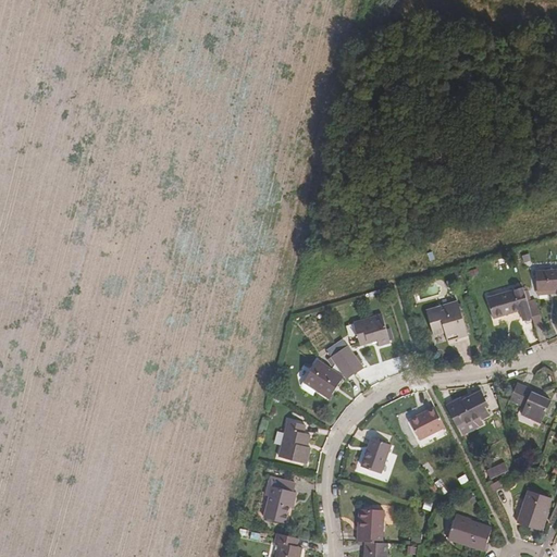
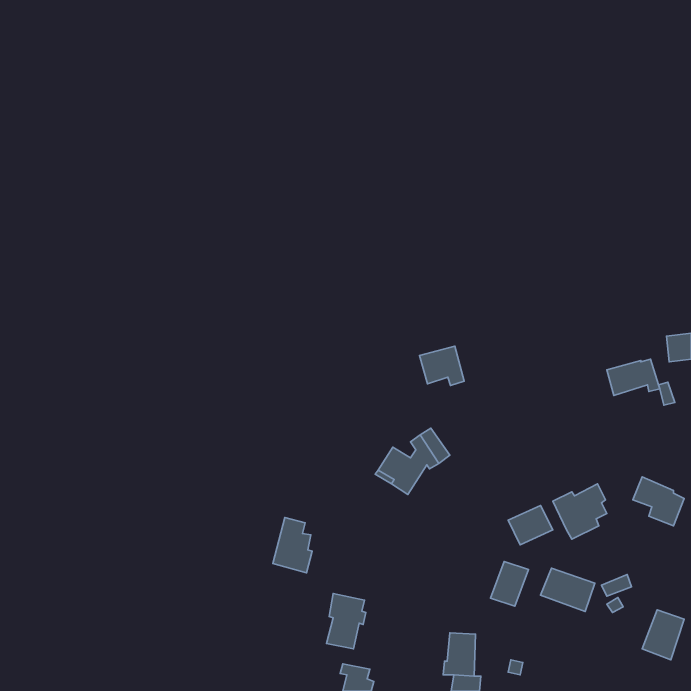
building: [425,300,467,337] -> none
building: [352,313,388,345] -> [419,346,464,385]
building: [277,419,309,463] -> [273,517,312,573]
building: [360,436,391,472] -> [491,561,528,606]
building: [446,515,490,549] -> [541,568,595,612]

